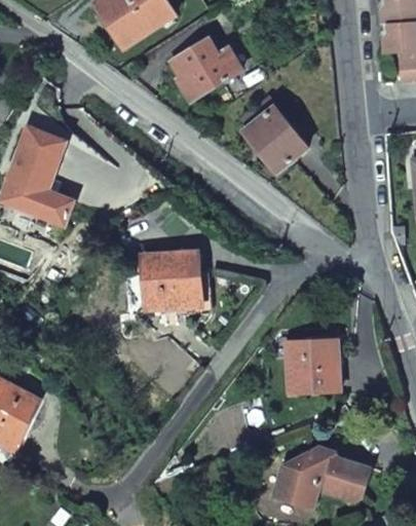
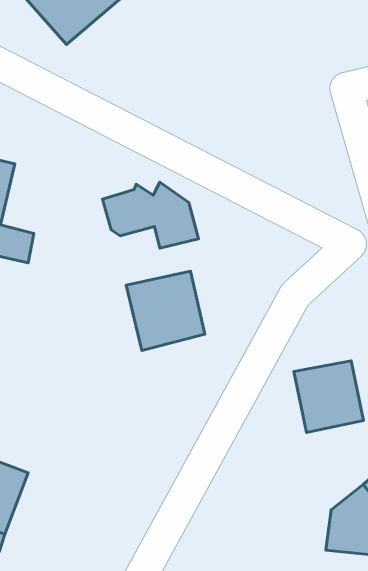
building: [171,36,240,98] -> none
building: [243,105,307,170] -> none
building: none -> [103,182,198,248]

